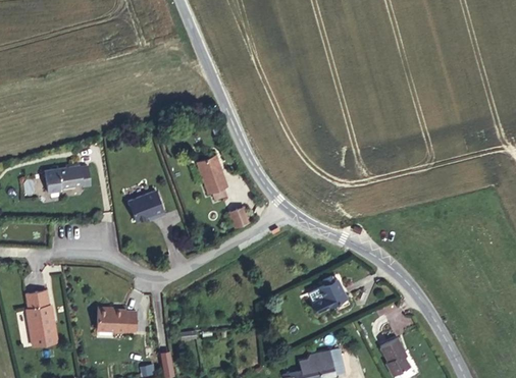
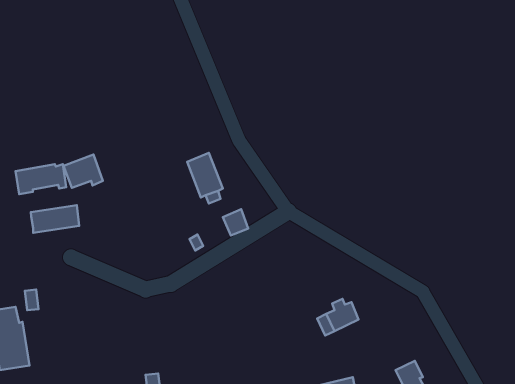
building: [128,188,163,218] -> [64,154,103,188]
building: none -> [31,205,79,233]
building: [96,306,134,328] -> none

